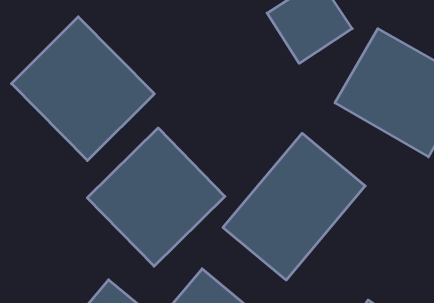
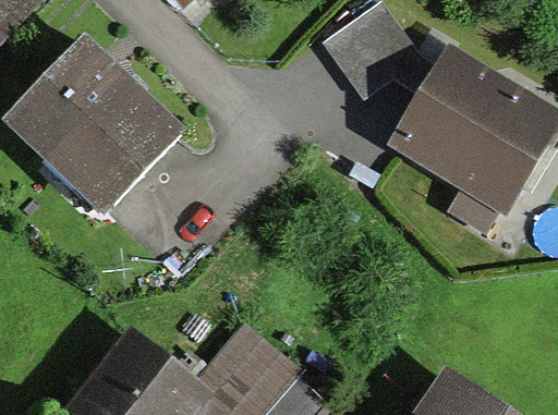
building: [87,128,225,266] -> none
building: [223,133,365,280] -> none

